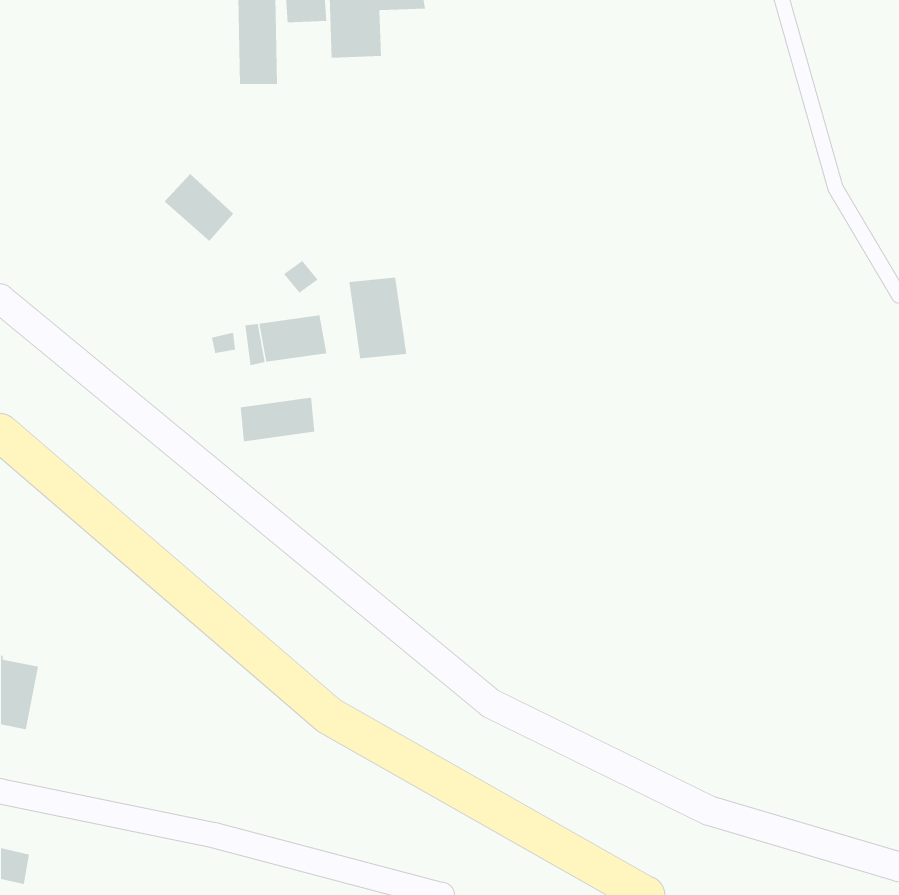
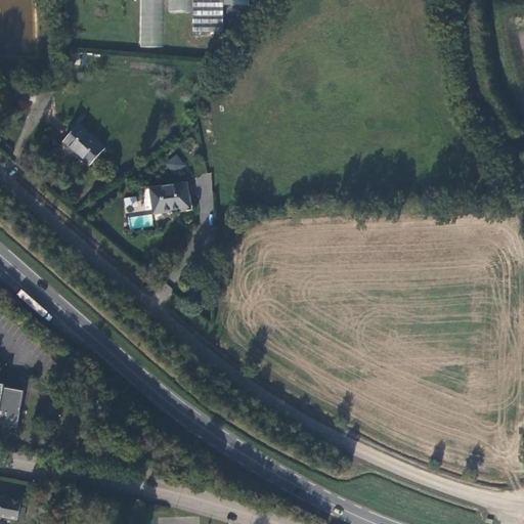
building: [164,173,234,242] -> [62,120,103,160]
building: [349,277,407,359] -> none
building: [240,397,315,442] -> none

